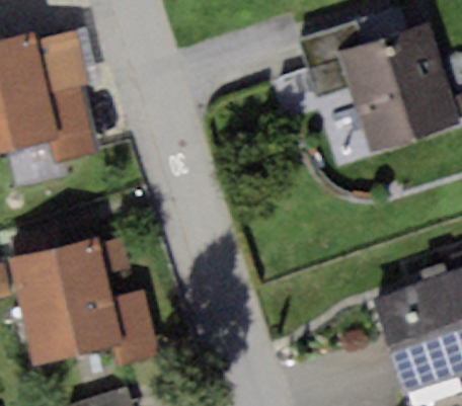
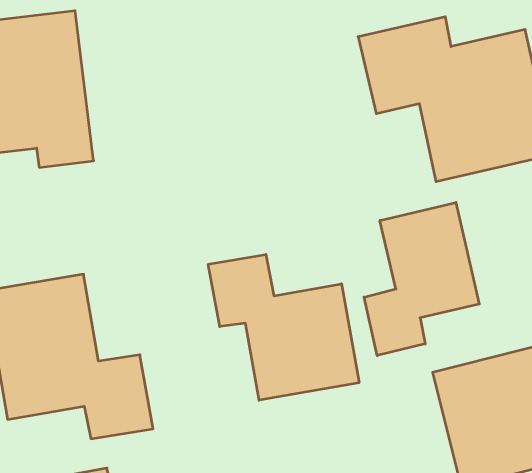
building: none -> [364,202,479,356]
building: none -> [208,254,359,400]

